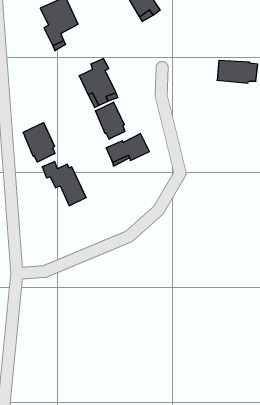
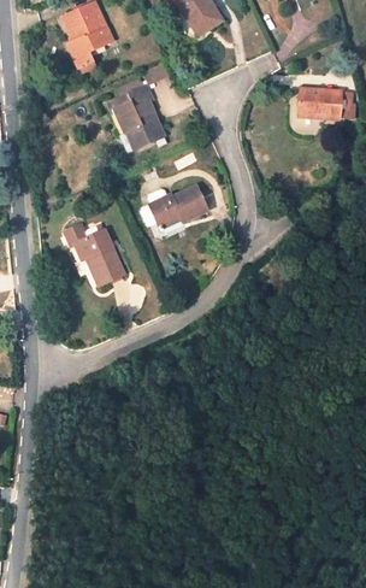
building: [95,102,125,139] -> none
building: [23,123,55,162] -> none

